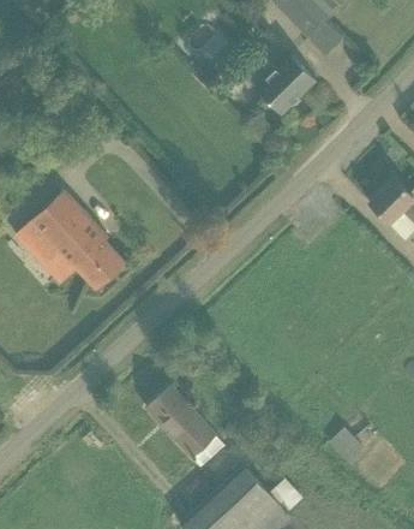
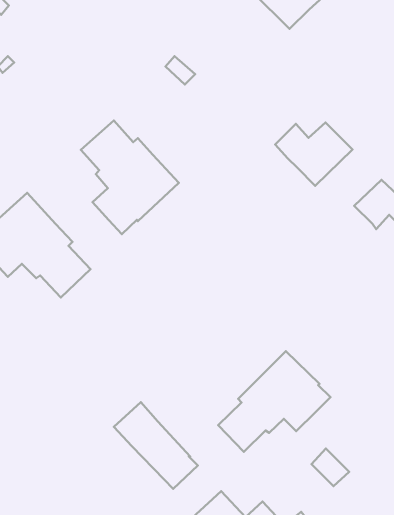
building: [244,55,316,114] -> [275,122,353,186]
building: none -> [81,120,179,234]
building: none -> [218,351,330,452]

